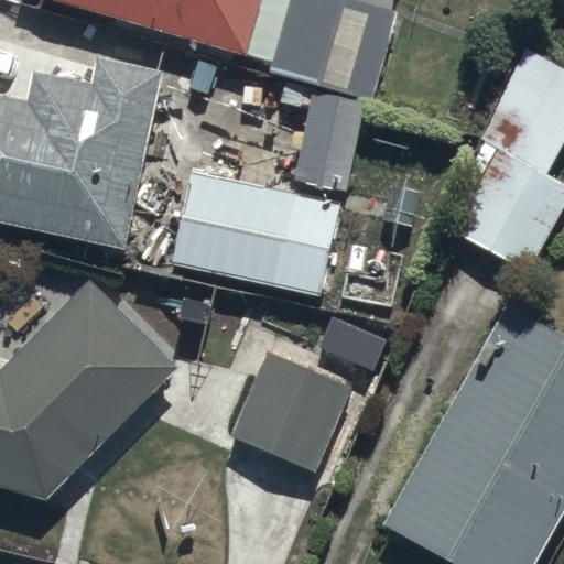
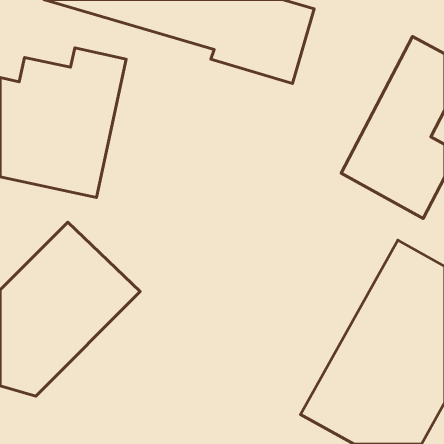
building: [169,171,340,295] -> none
building: [229,349,371,481] -> none

